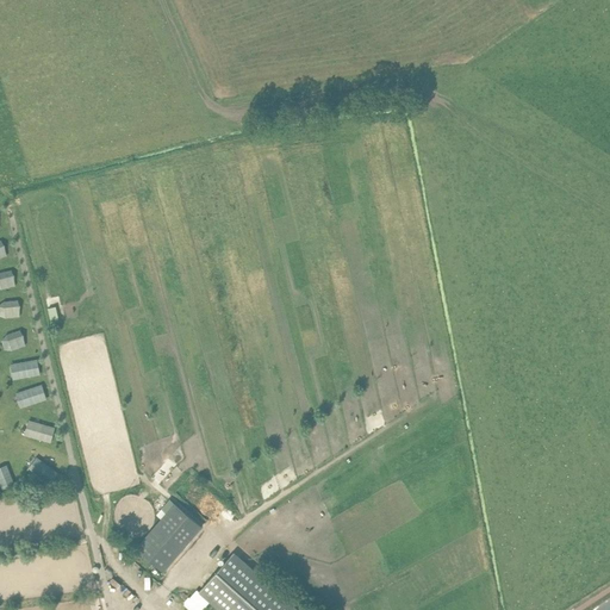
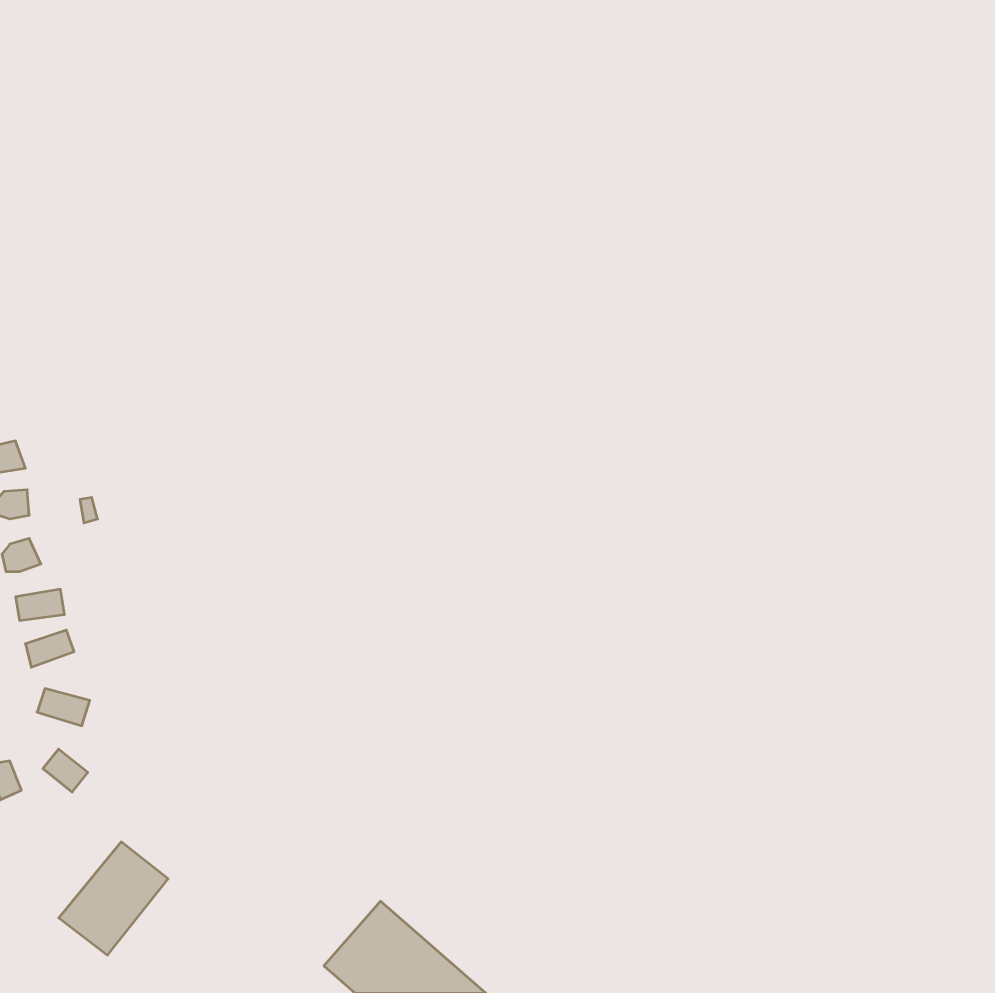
building: [133,505,200,574] -> [59,842,168,955]

